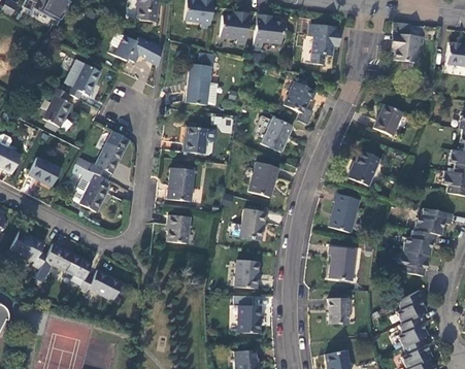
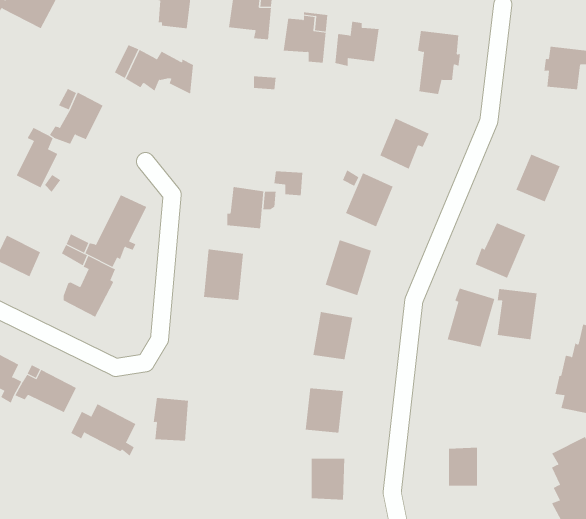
building: [186,63,211,105] -> none
building: [166,214,190,243] -> [153,397,189,441]
building: [329,246,356,280] -> [497,288,537,340]

